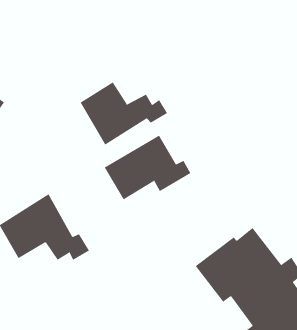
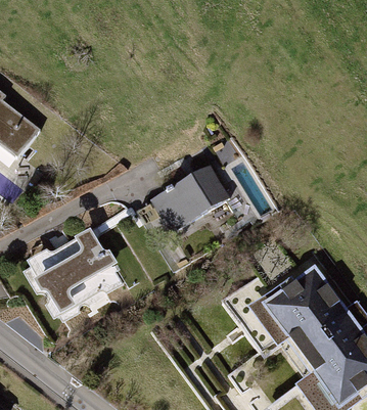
building: [80,81,168,146] -> none

